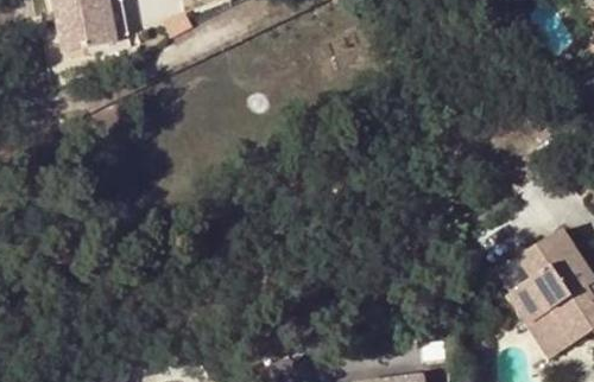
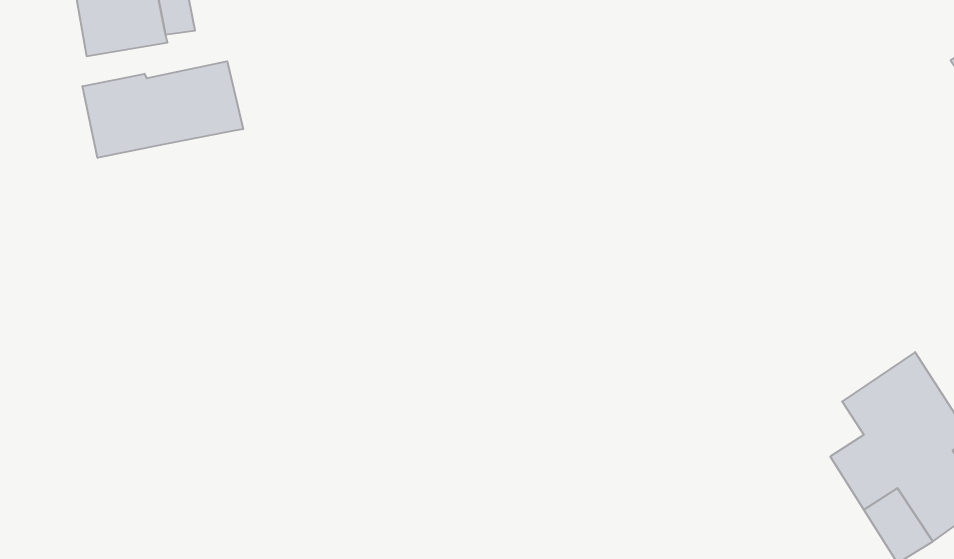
building: none -> [82,61,243,158]

